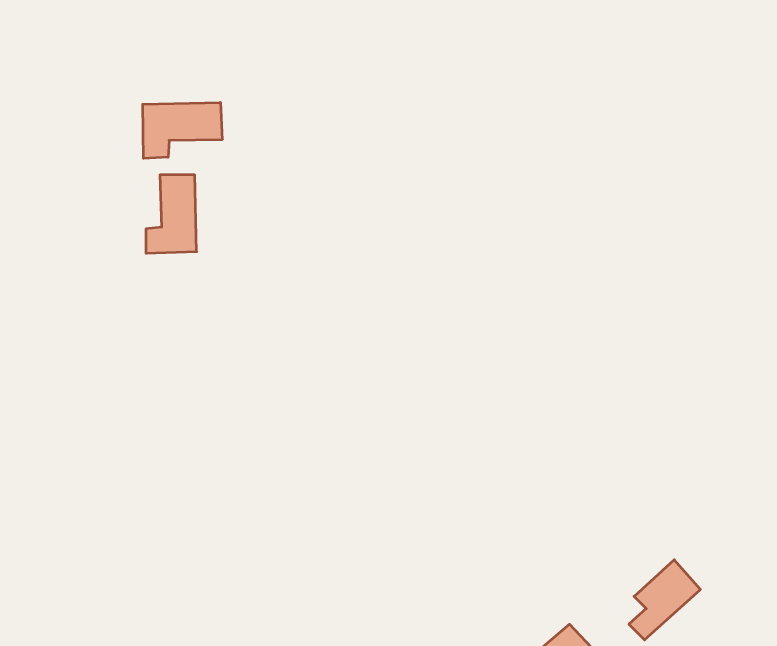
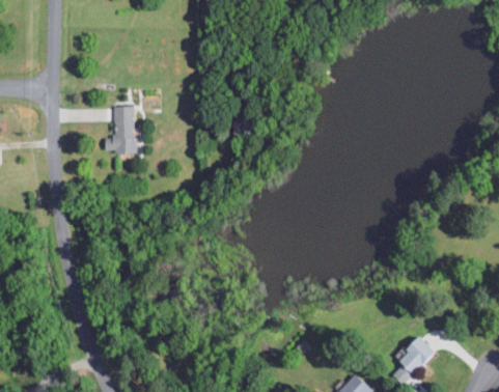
building: [143,102,222,158] -> none

